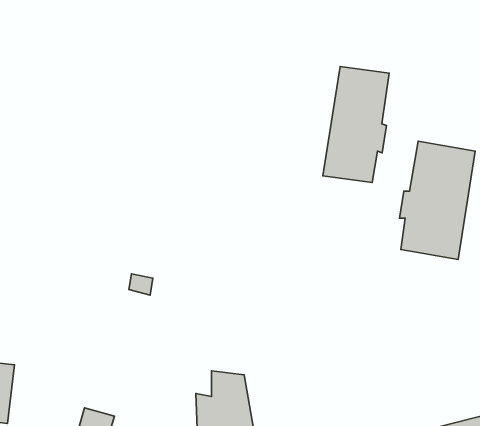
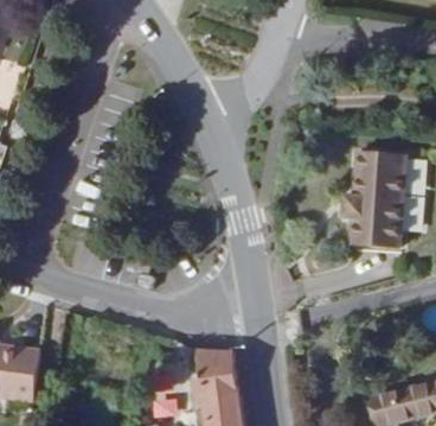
building: [323,67,389,182] -> none

